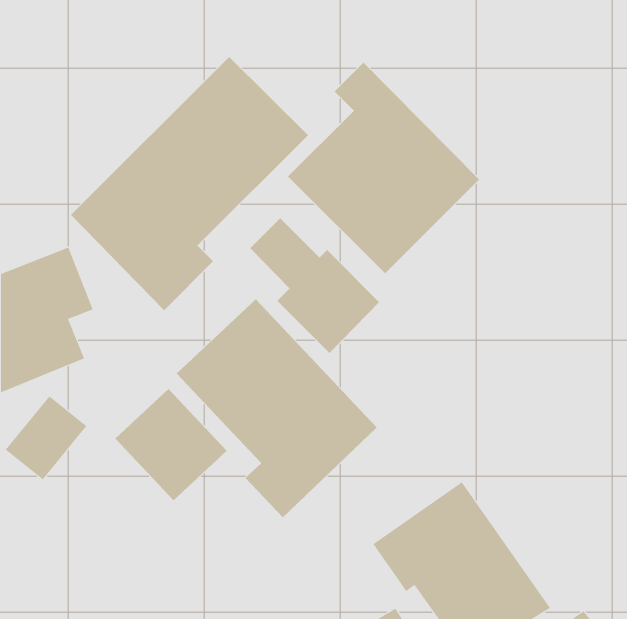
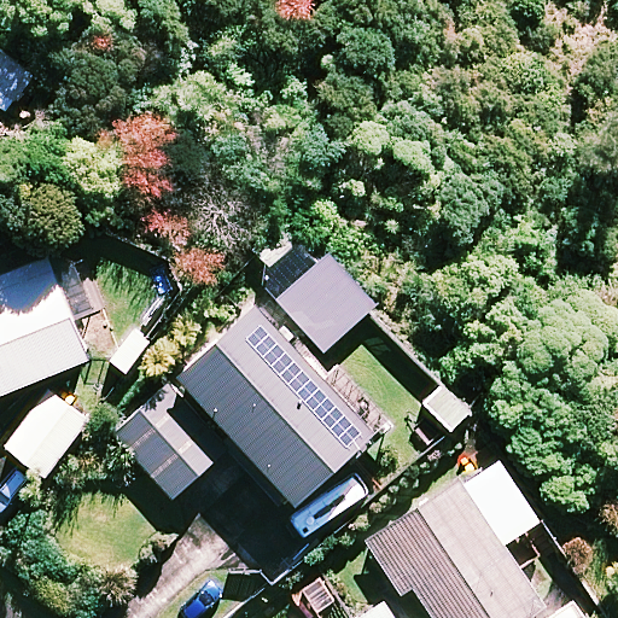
building: [70,56,309,311] -> none
building: [287,62,480,274] -> none

